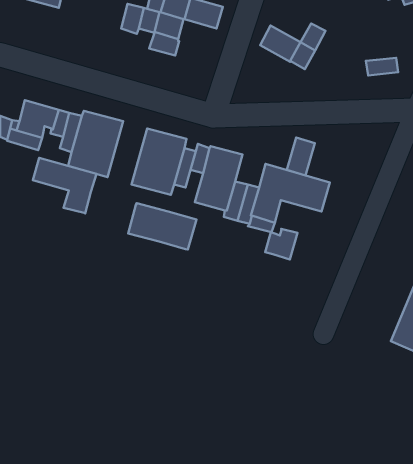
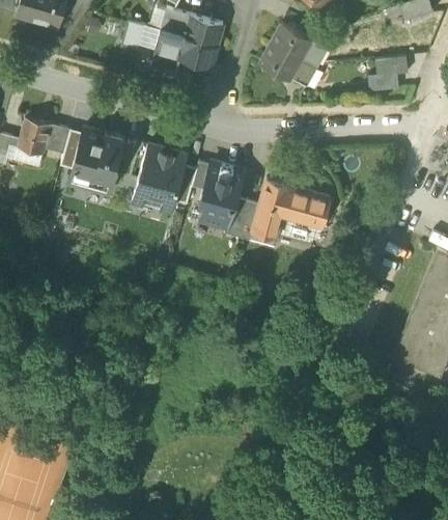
building: none -> [272,23,313,59]
building: none -> [179,36,218,67]
building: none -> [376,56,409,77]
building: [287,138,315,175] -> none
building: [33,158,96,213] -> none
building: [128,203,197,250] -> none
building: [265,229,298,259] -> none

